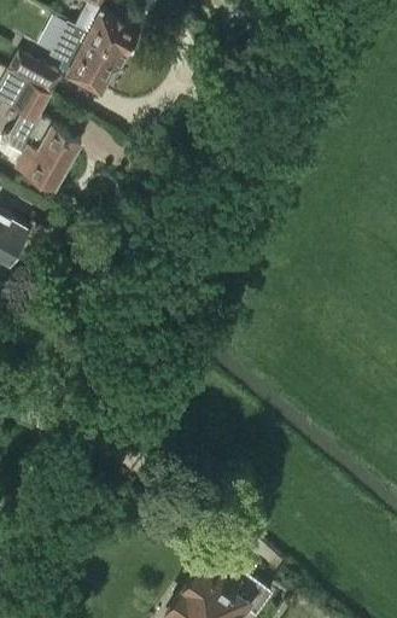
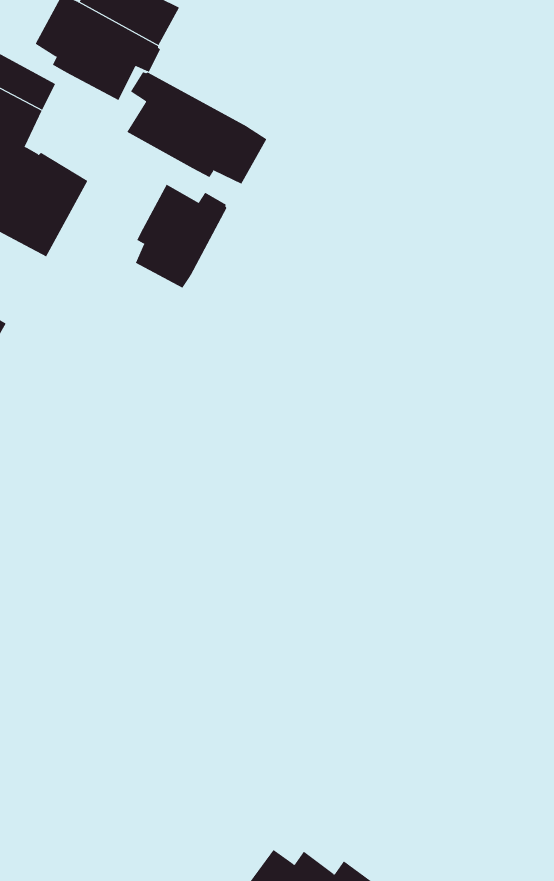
building: none -> [127,72,267,185]
building: none -> [135,184,227,289]

